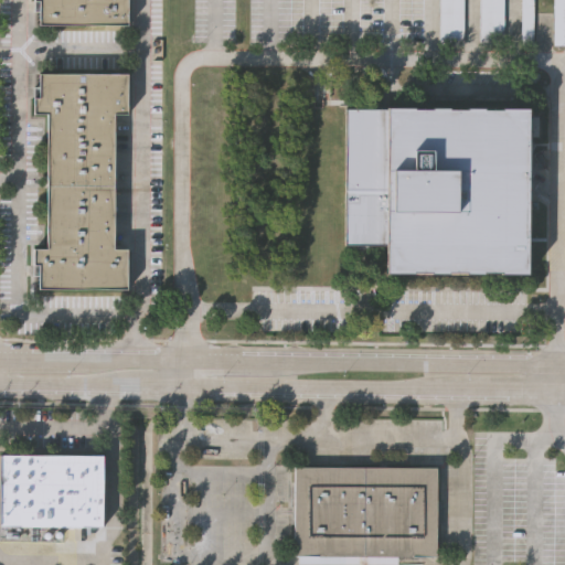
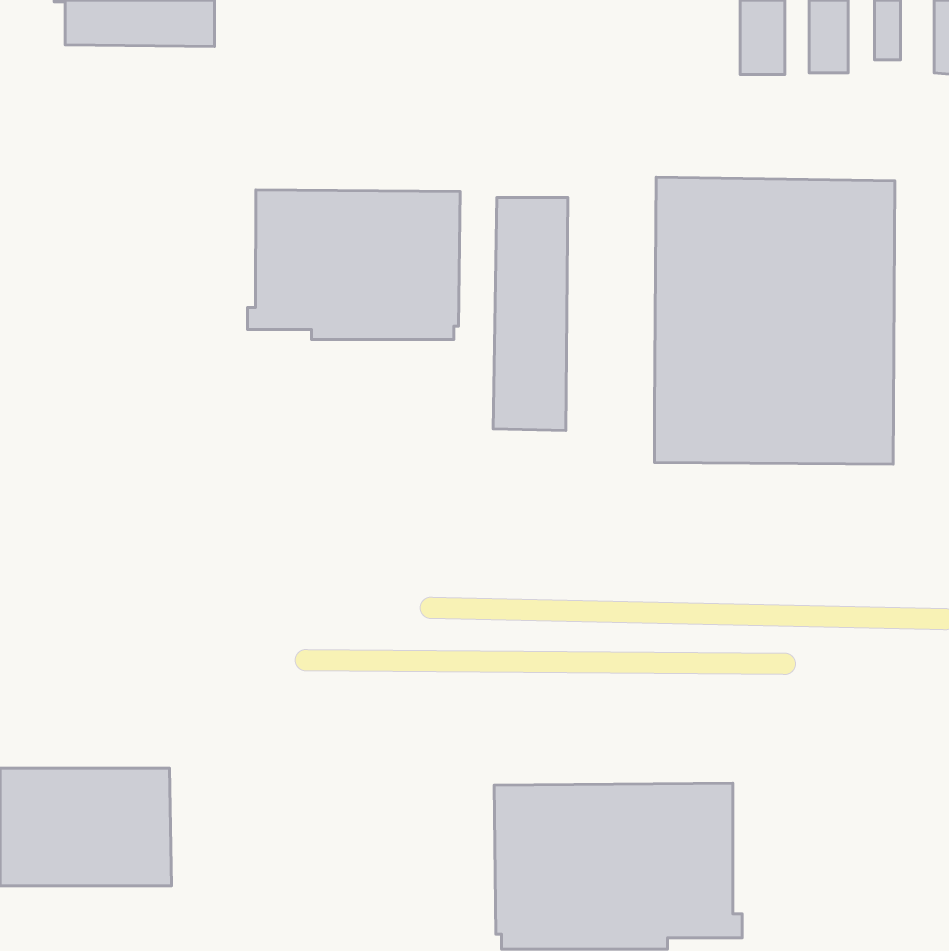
building: [33,74,129,292] -> none
building: [347,106,391,244] -> [493,197,568,431]
building: none -> [248,190,460,340]

